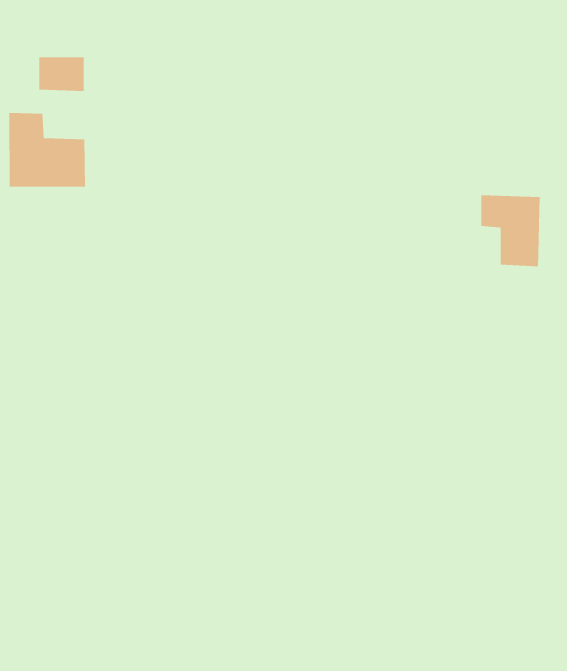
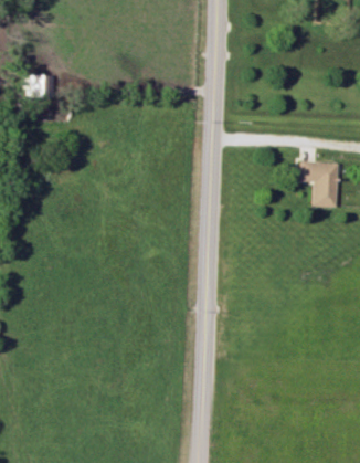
building: [8,112,86,188] -> none

